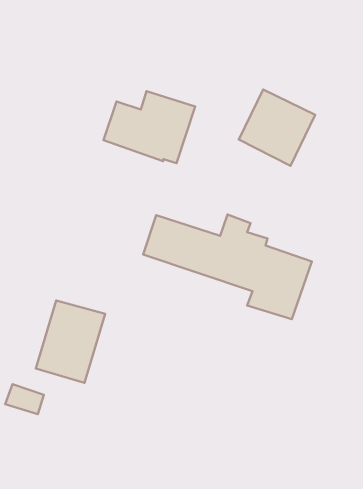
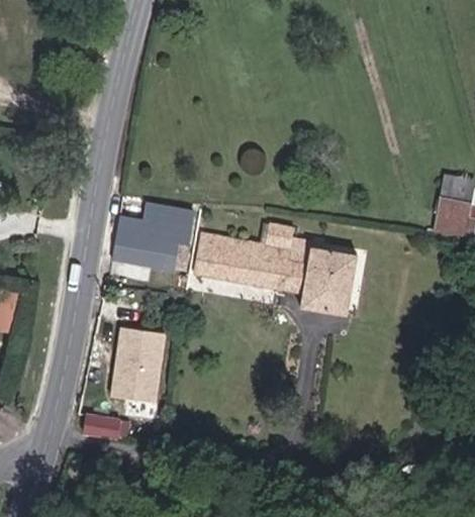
building: [239,89,315,166] -> none
building: [104,91,195,163] -> [113,205,196,270]

